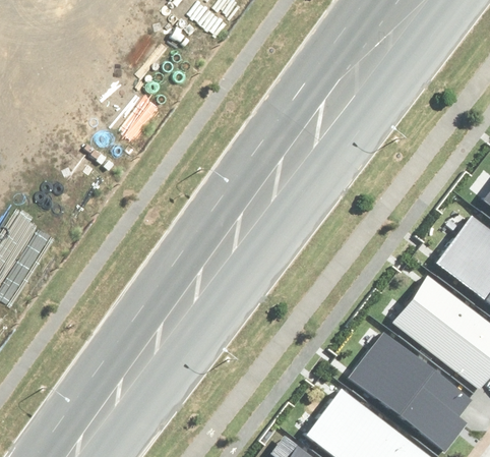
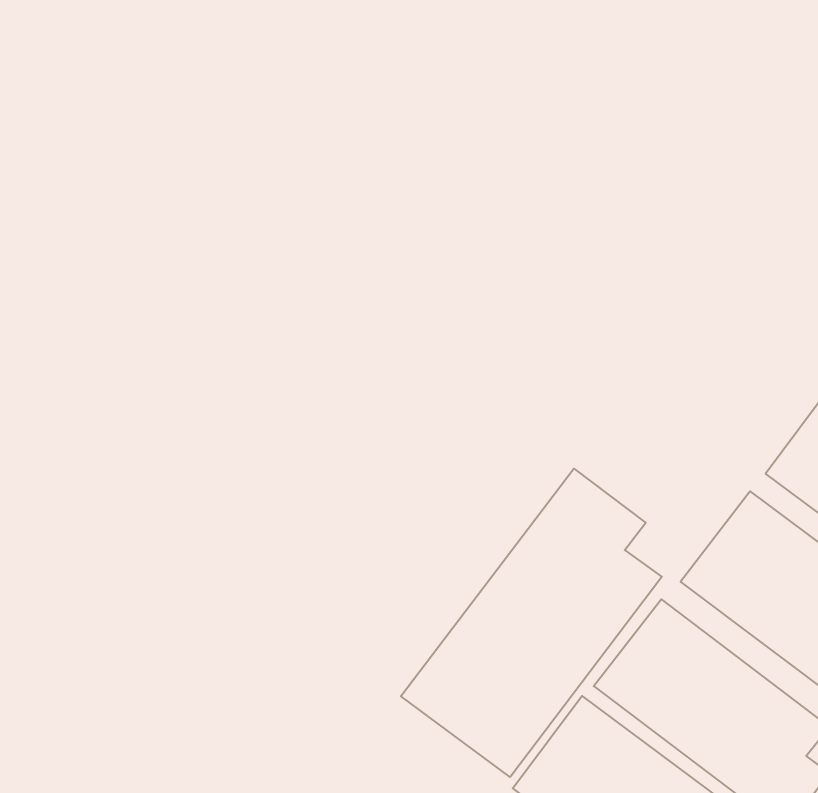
building: none -> [401,469,662,777]

